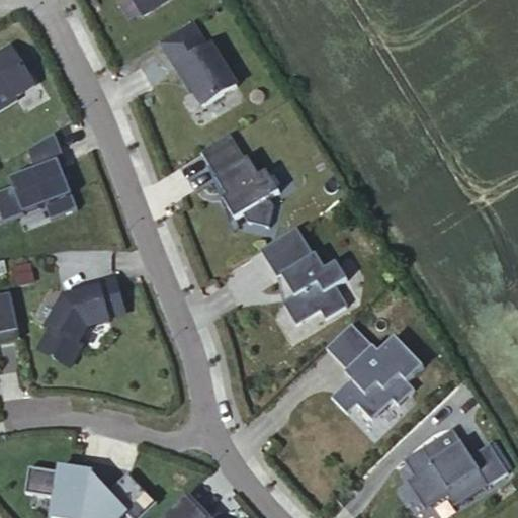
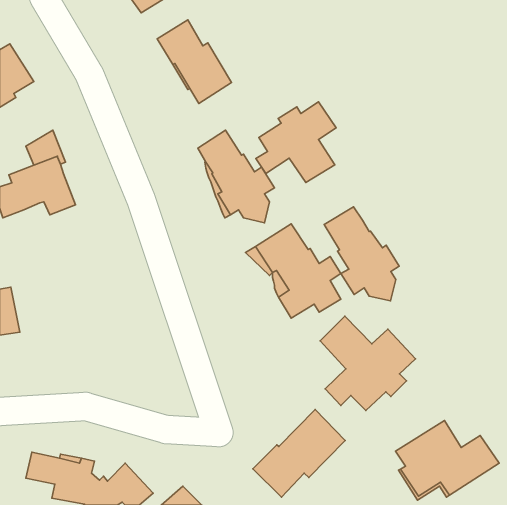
building: none -> [256,102,336,183]
building: none -> [324,207,399,301]
building: [39,277,124,364] -> none
building: none -> [253,409,345,497]

